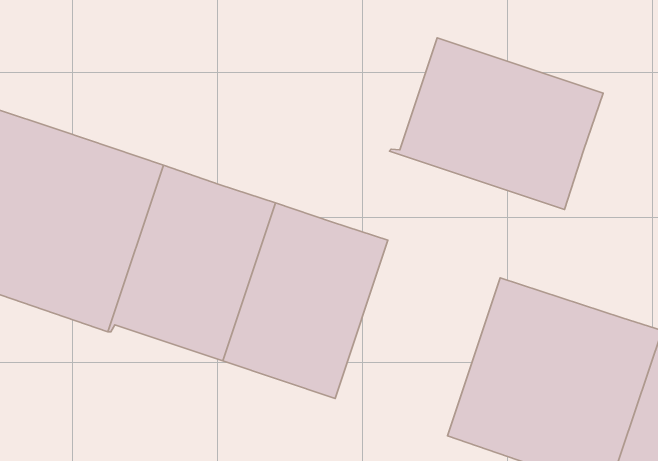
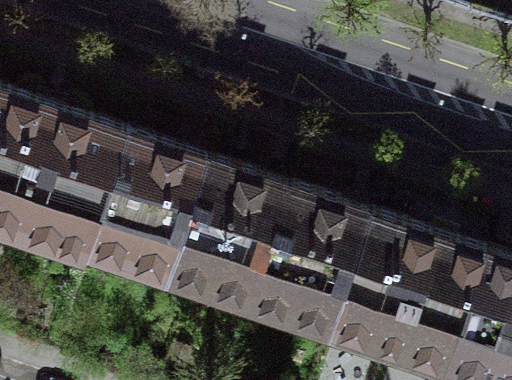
building: [390,38,603,210] -> none
building: none -> [249,190,368,331]

